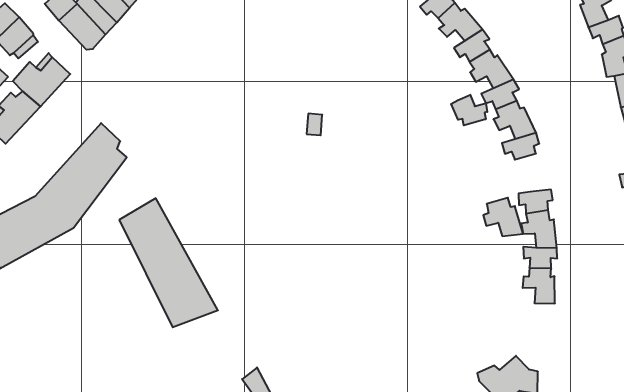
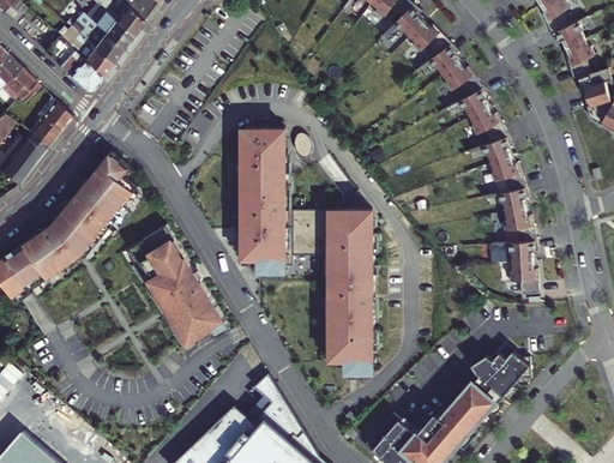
building: [451,95,487,125] -> none
building: none -> [241,132,373,371]
building: [483,198,523,236] -> [488,156,526,192]

